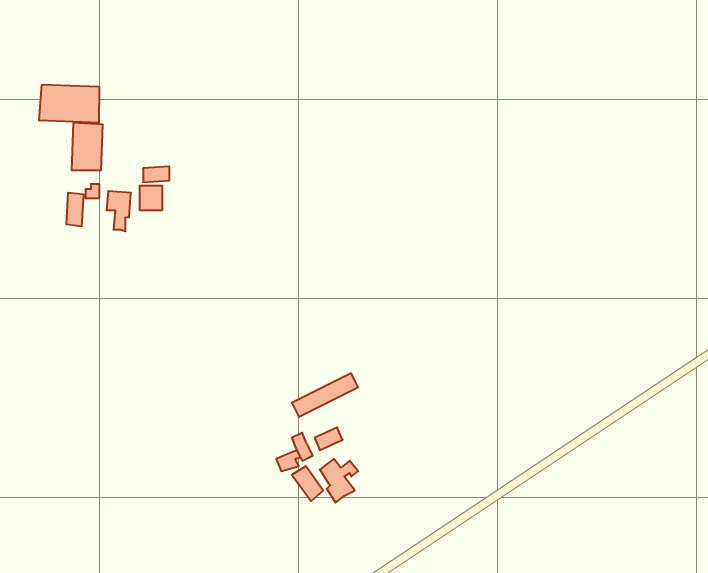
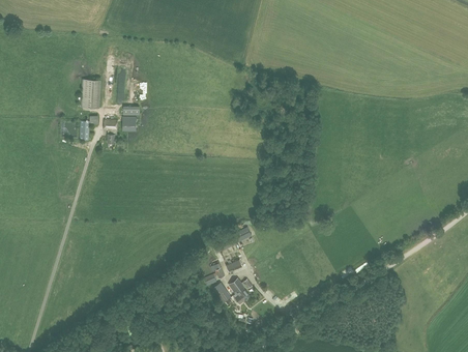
building: [39,85,99,123] -> none

